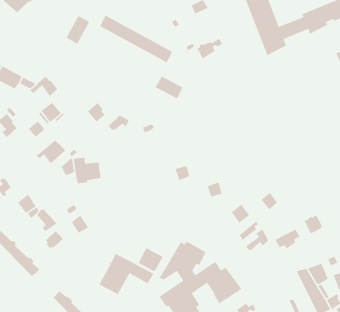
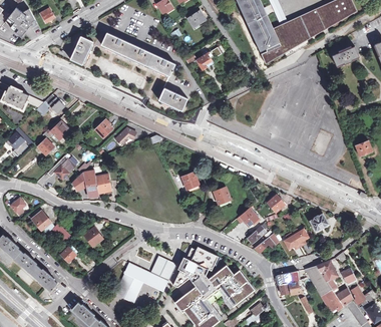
building: none -> [276,271,302,294]

